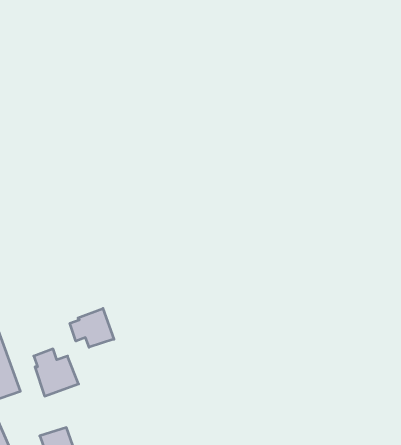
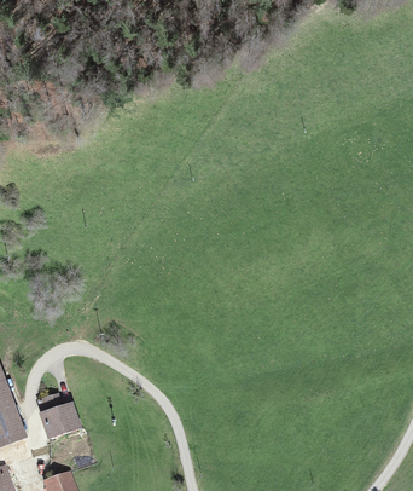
building: [70,308,114,347] -> none

